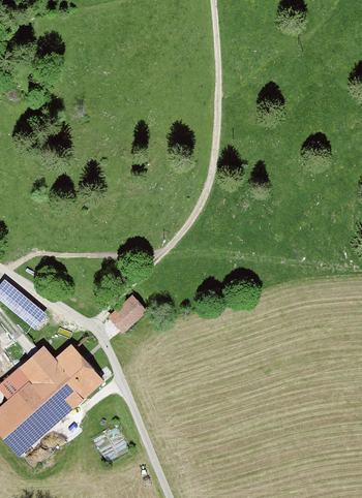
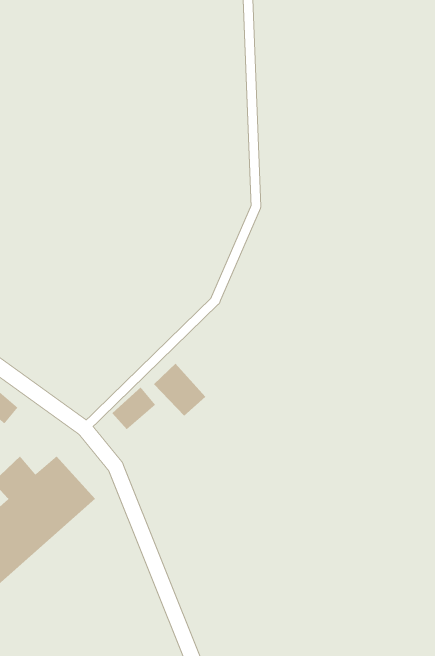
building: none -> [153,363,206,416]

